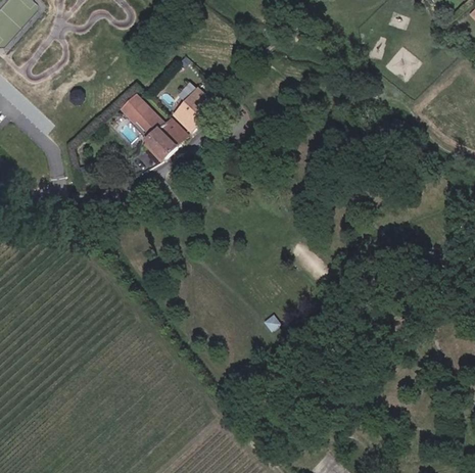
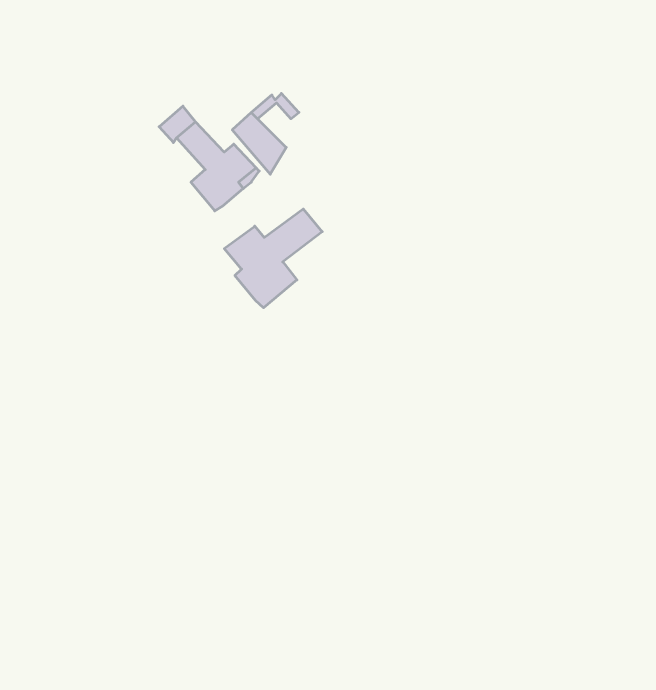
building: none -> [224,209,322,308]

